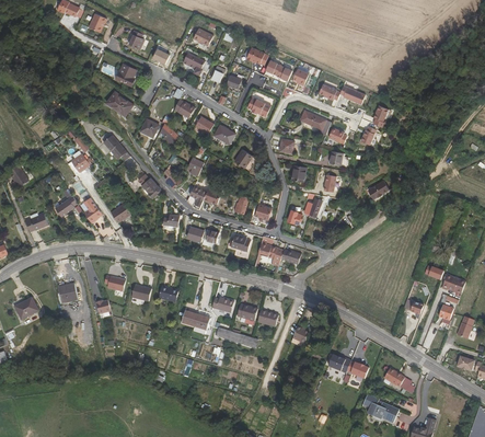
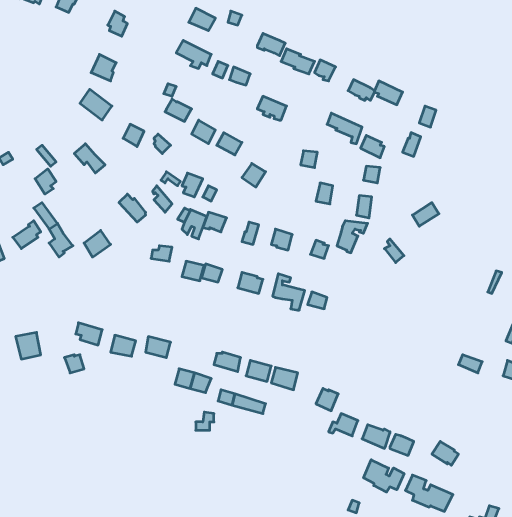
building: none -> [364,460,404,492]

